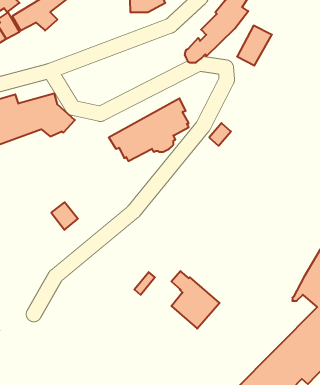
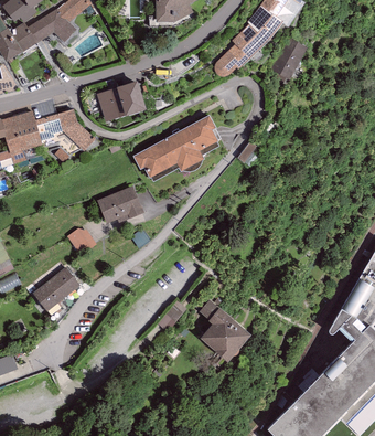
building: none -> [96,81,147,121]
building: none -> [97,185,143,223]
building: none -> [32,267,79,317]

